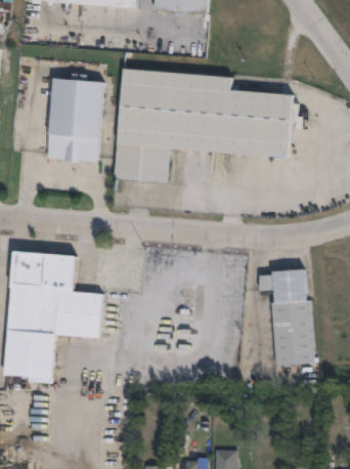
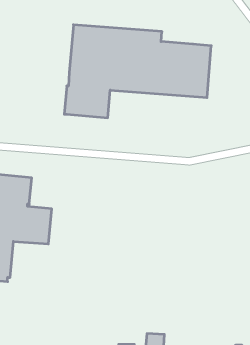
building: [47,78,107,165] -> none
building: [256,266,312,364] -> none

